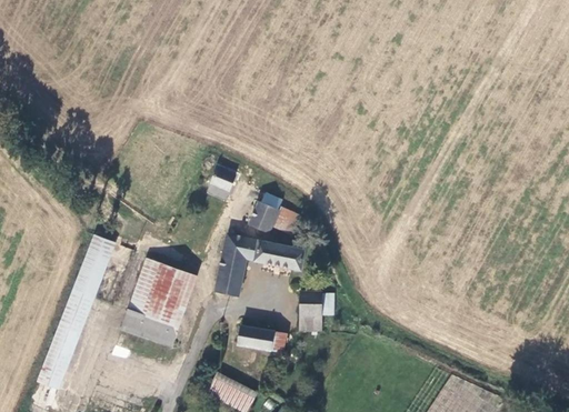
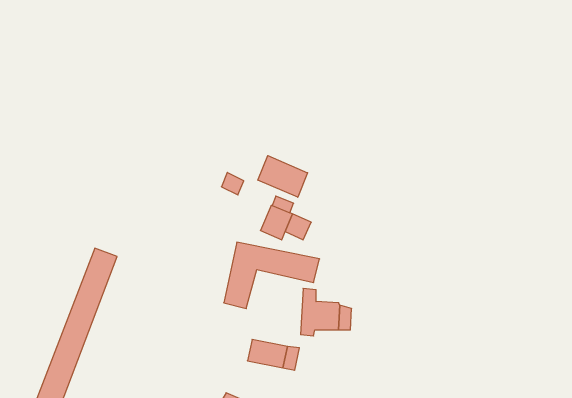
building: none -> [258,156,308,197]
building: [122,258,198,348] -> none

